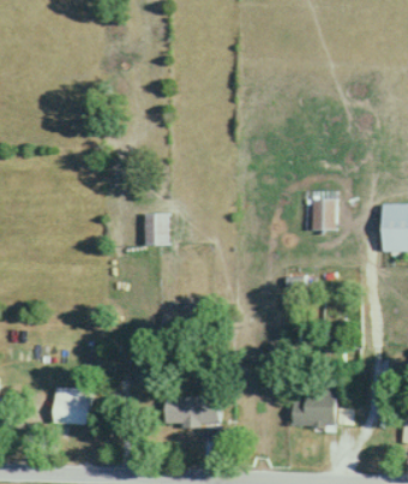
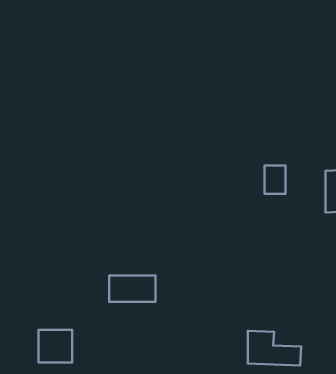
building: [144,213,169,245] -> none
building: [164,395,217,425] -> [109,276,155,302]

